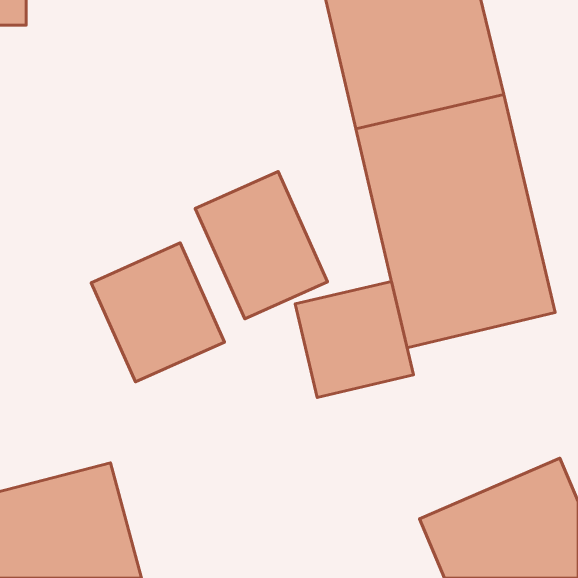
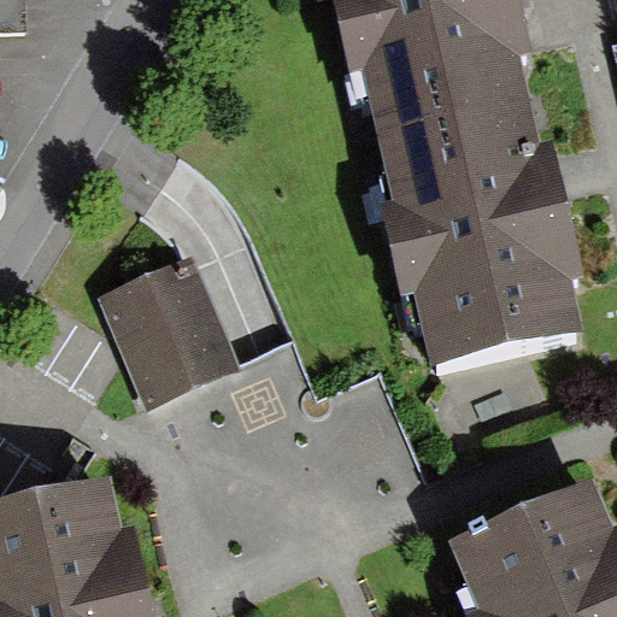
building: [195,171,328,319] -> none
building: [295,281,413,397] -> none

